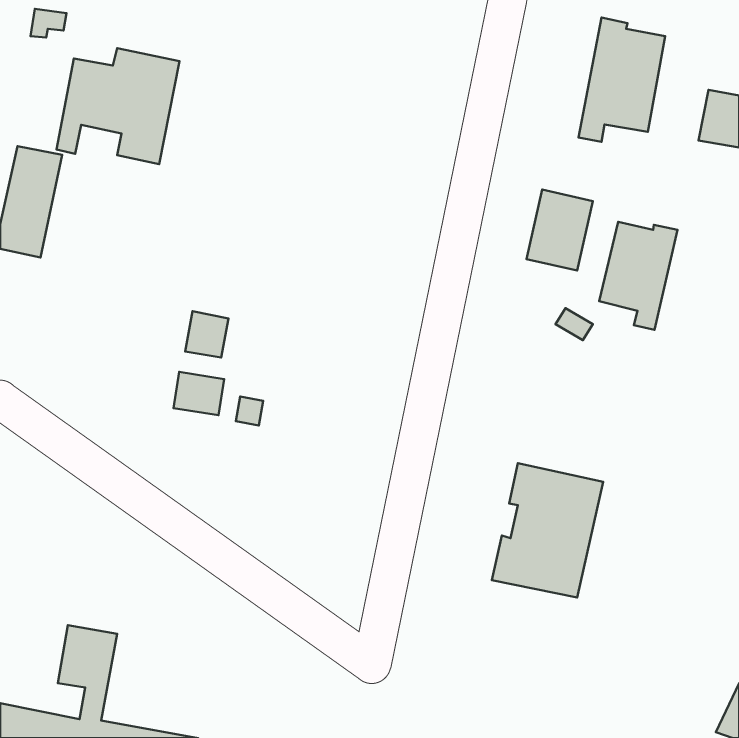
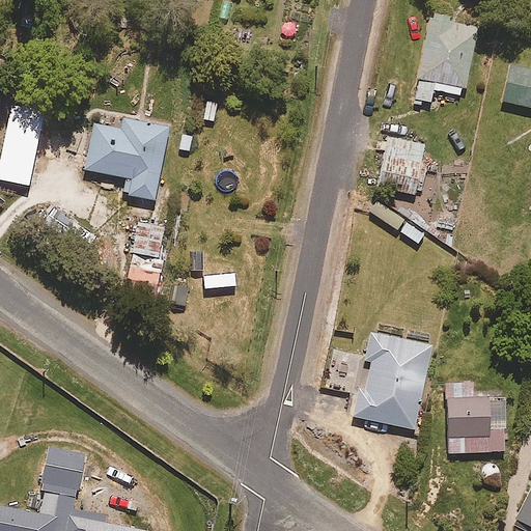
building: [56,48,179,164] -> [81,116,169,199]
building: [599,222,677,330] -> none
building: none -> [449,382,505,452]

